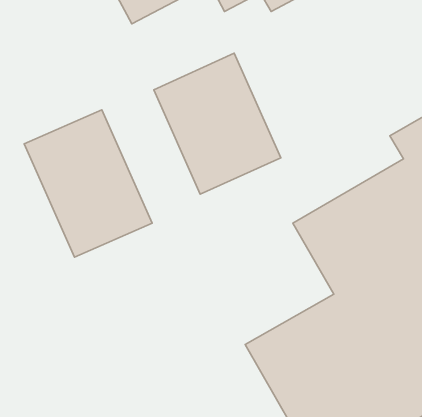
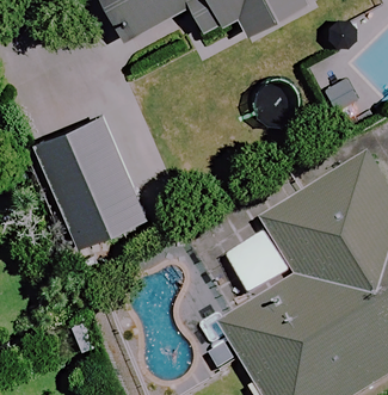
building: [154,53,281,194] -> none

